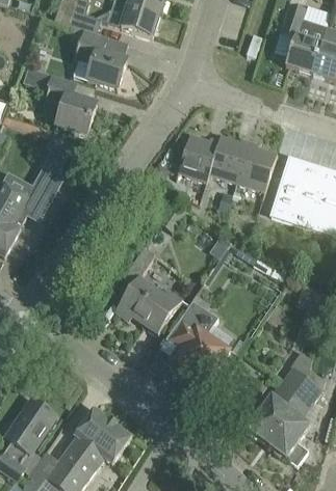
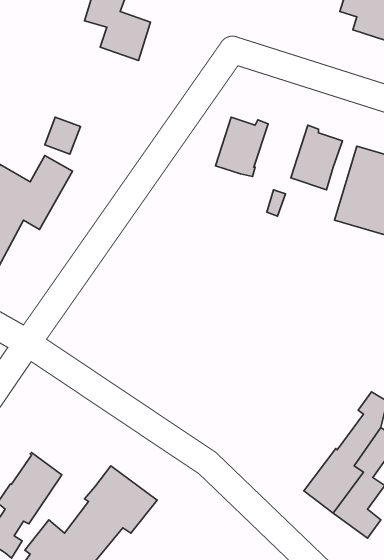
building: [25,65,97,135] -> none
building: [208,135,251,182] -> none
building: [115,246,183,333] -> none
building: [166,300,230,382] -> none

